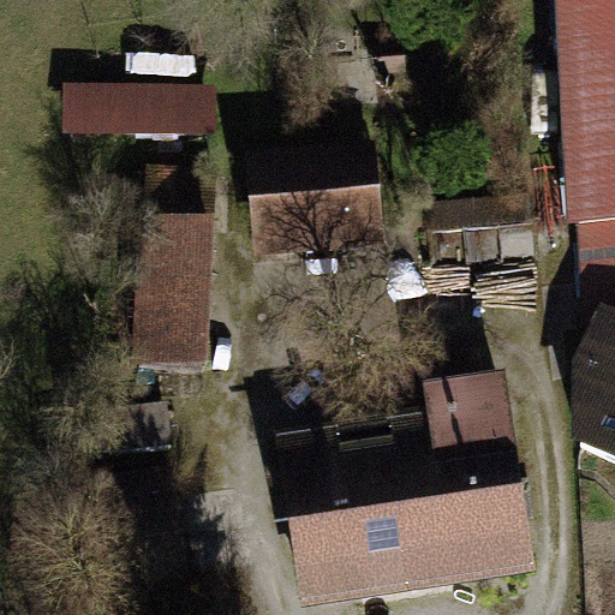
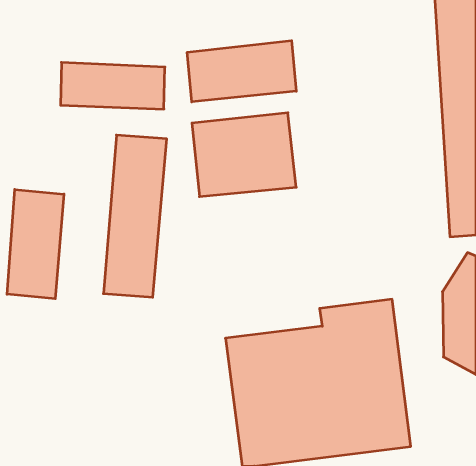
building: none -> [187,41,296,102]
building: none -> [7,189,64,299]

